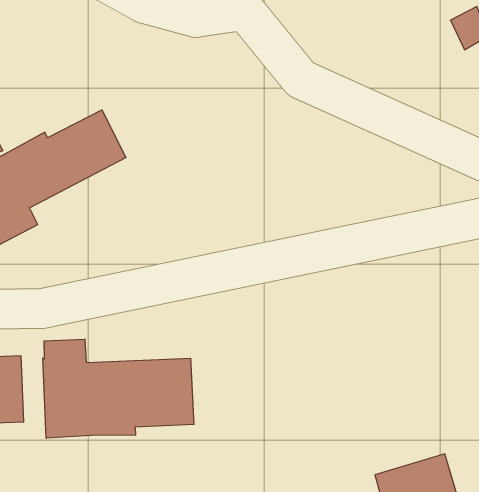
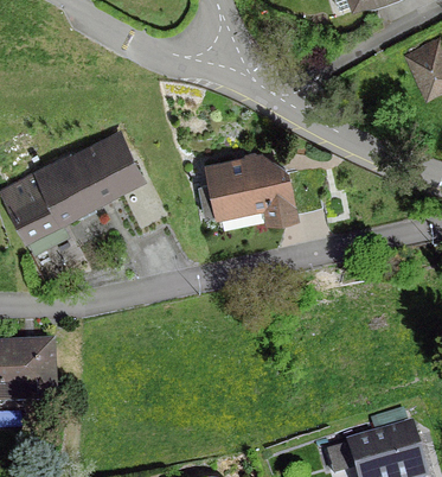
building: none -> [203,153,294,217]
building: [43,339,194,438] -> none

